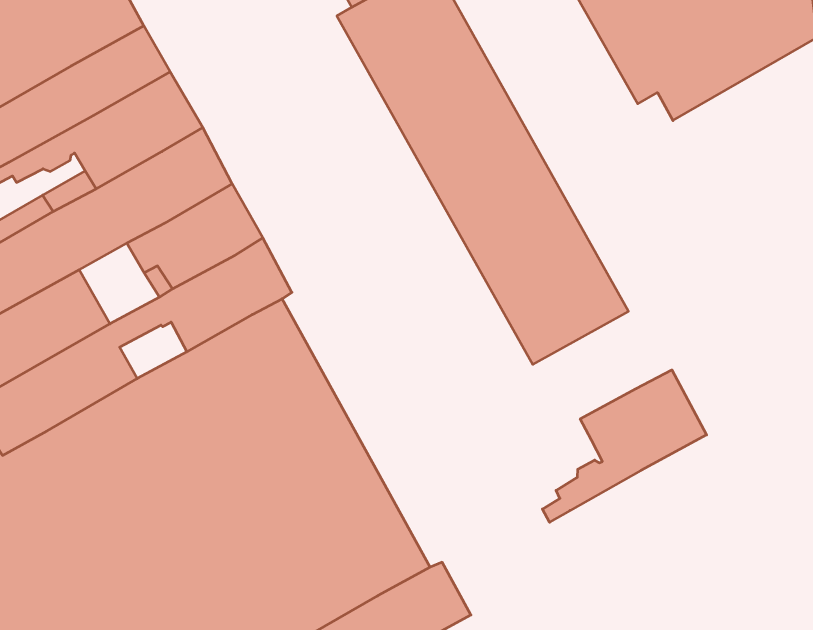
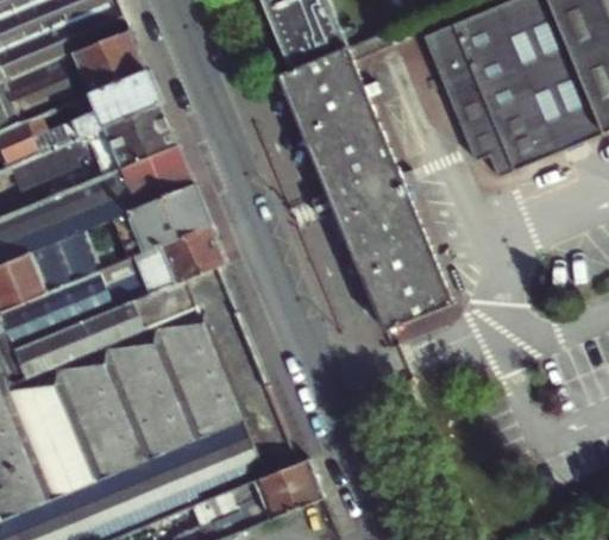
building: [542,370,707,522] -> none

